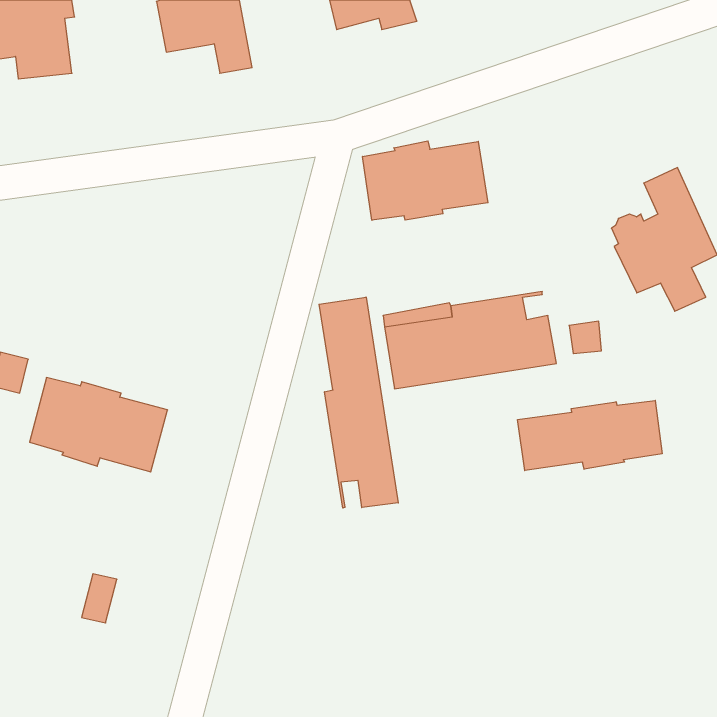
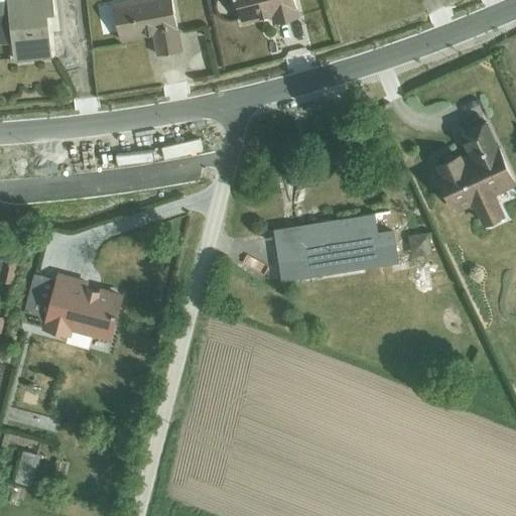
building: [363,141,488,220] -> none
building: [319,297,398,508] -> none
building: [518,400,662,471] -> none
building: [82,574,117,623] -> [13,450,38,486]

